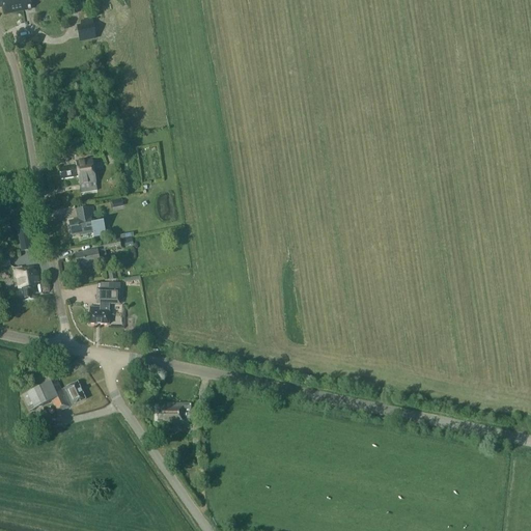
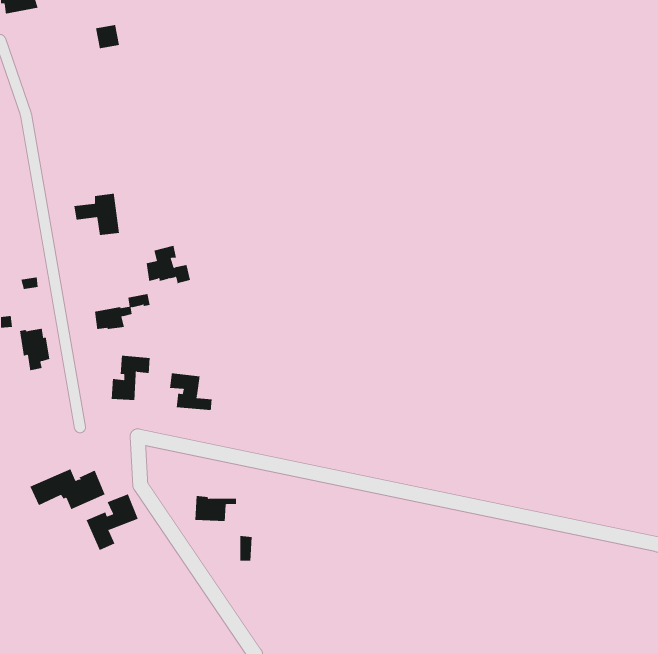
building: [69,204,106,235] -> [146,245,191,284]
building: none -> [170,373,212,411]
building: none -> [86,493,138,551]

